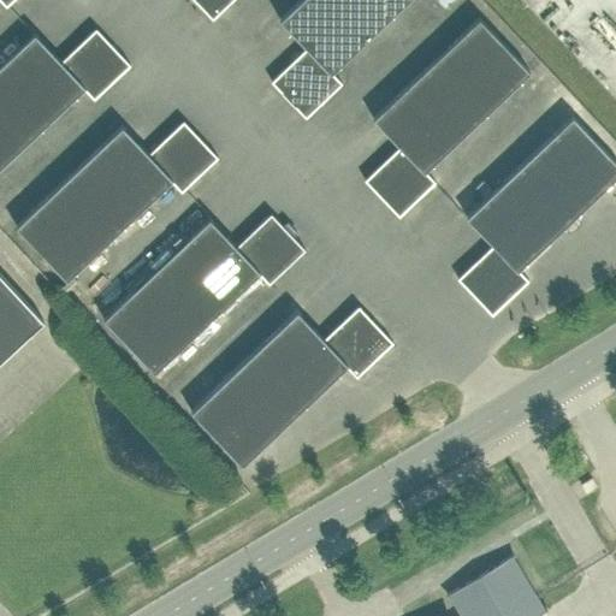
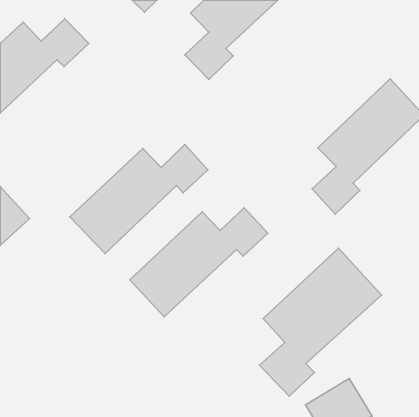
building: [365,20,531,219] -> none
building: [17,124,218,283] -> none
building: none -> [260,248,381,396]

